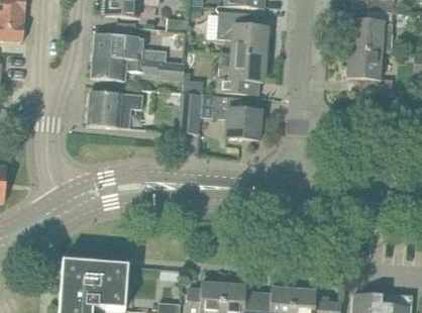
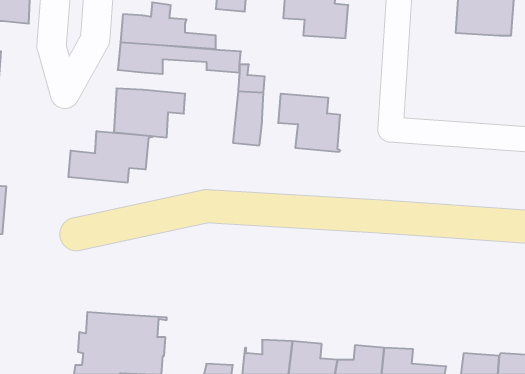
building: [346,48,393,92] -> none
building: [217,50,265,94] -> none
building: none -> [69,131,152,183]

